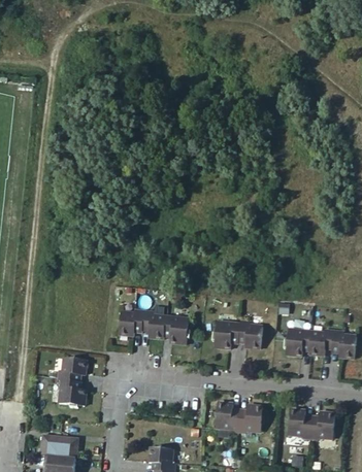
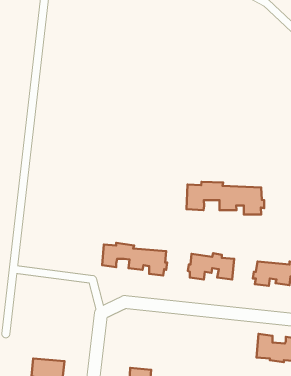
building: none -> [187,182,264,214]
building: [58,358,88,407] -> none
building: [216,403,263,433] -> none

